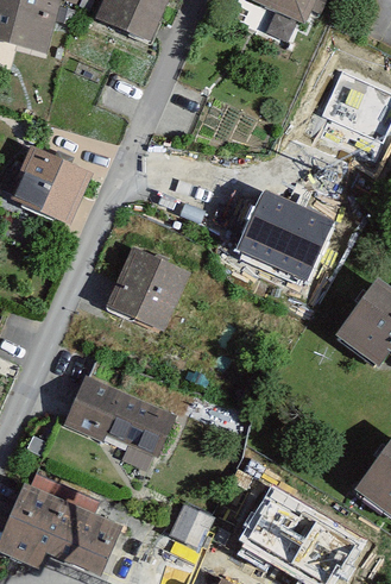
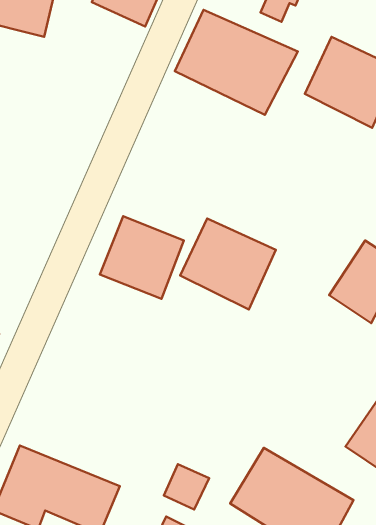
building: none -> [175,10,298,115]
building: [14,153,94,237] -> none
building: [235,189,333,282] -> [180,219,276,309]
building: [65,378,178,471] -> none

